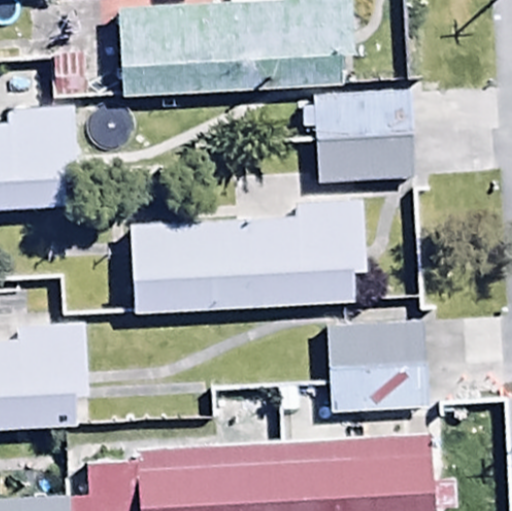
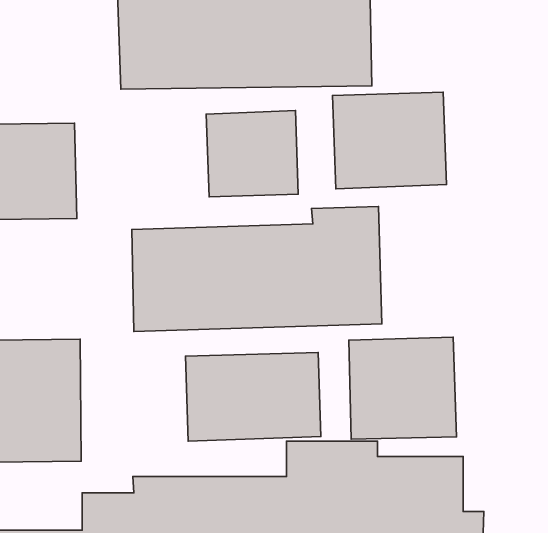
building: none -> [206,111,298,197]
building: none -> [186,353,321,441]

